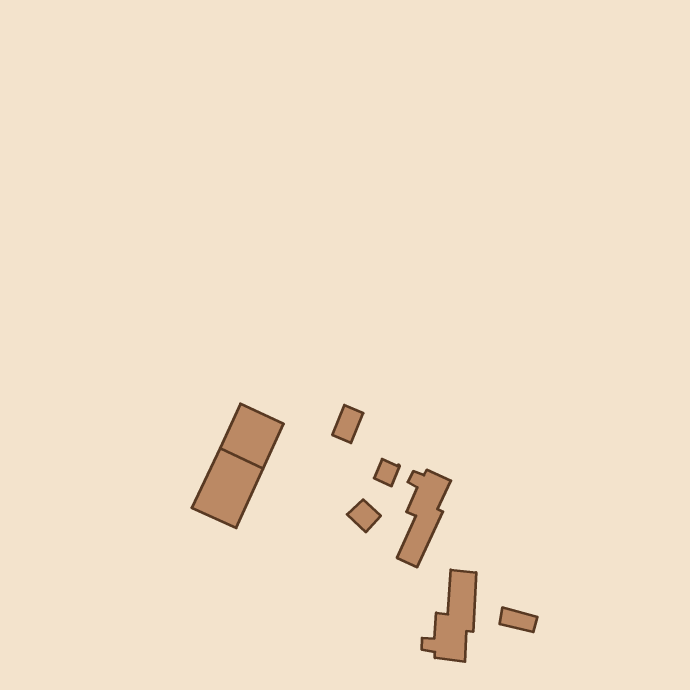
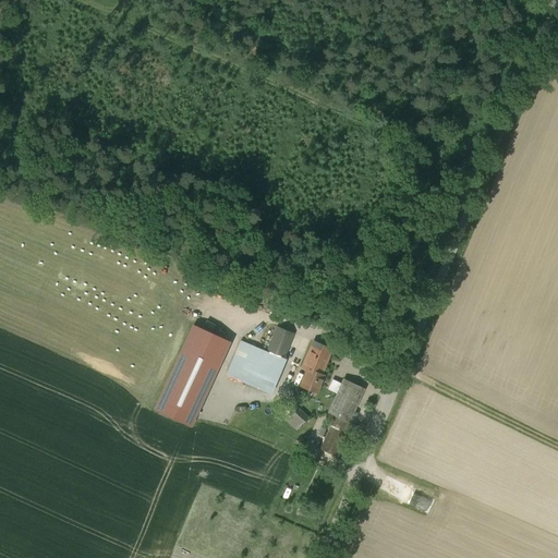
building: none -> [302,342,331,376]
building: none -> [229,343,282,392]
building: [422,570,476,662] -> none

